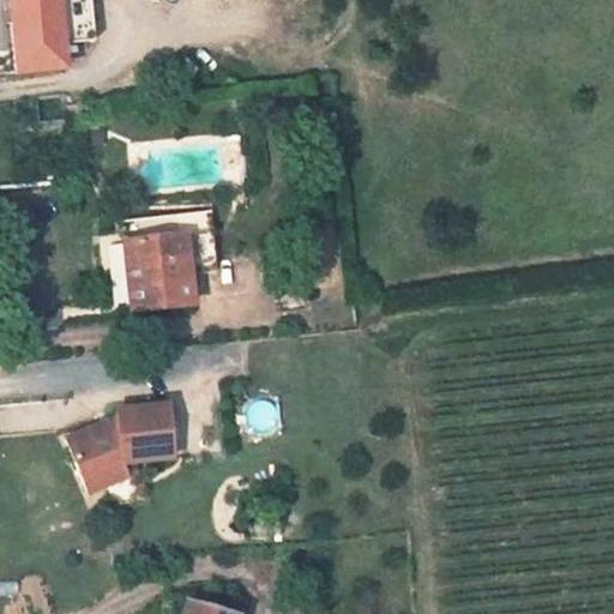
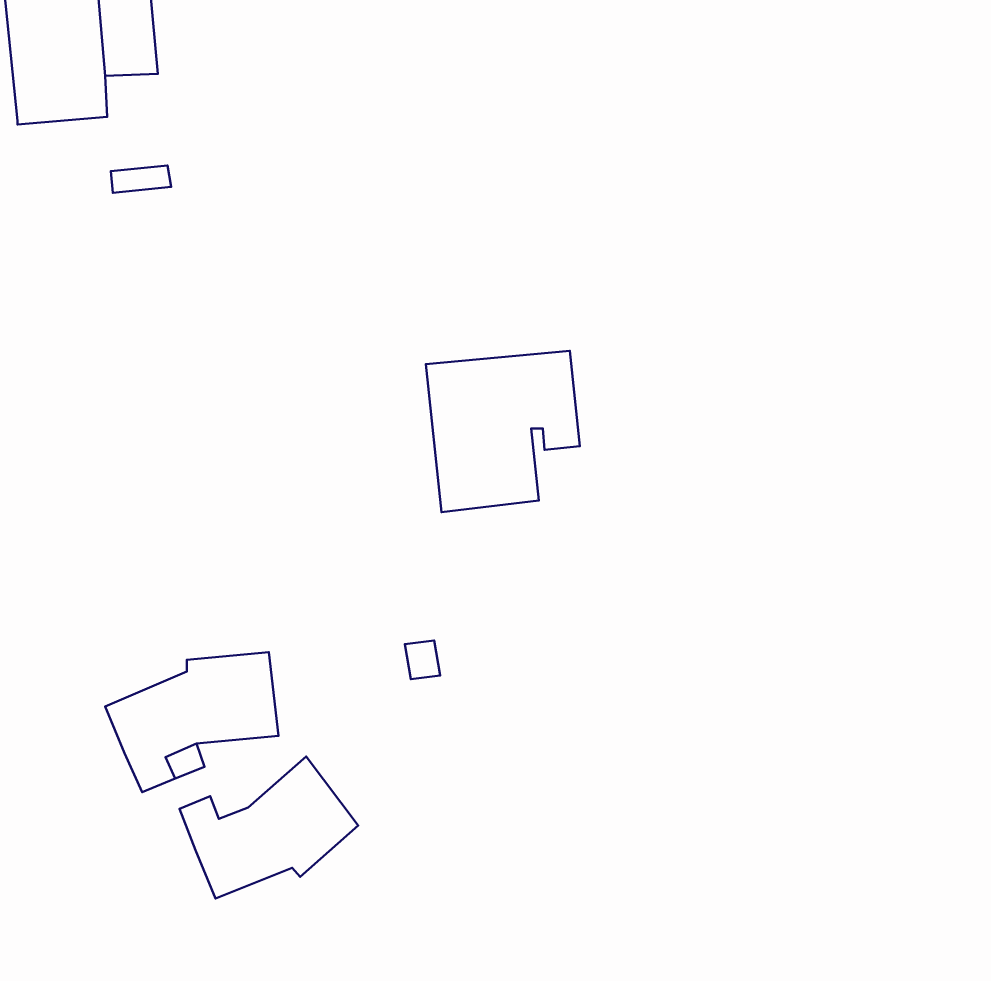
building: [126,210,221,309] -> [426,351,580,512]
building: none -> [180,756,358,899]

